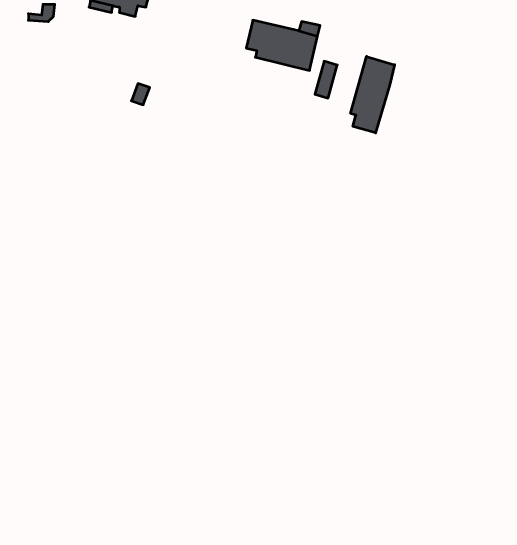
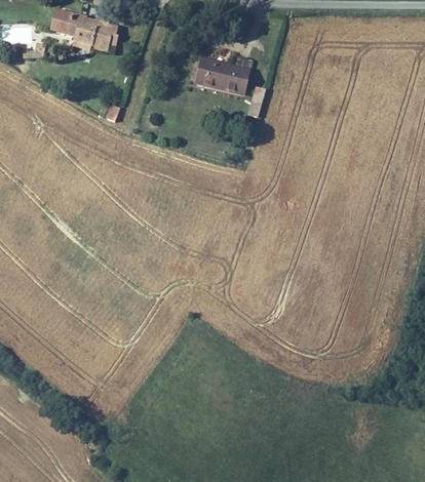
building: [351,56,395,133] -> none

